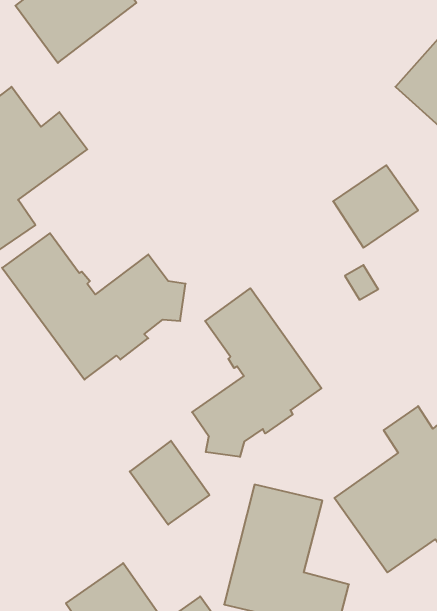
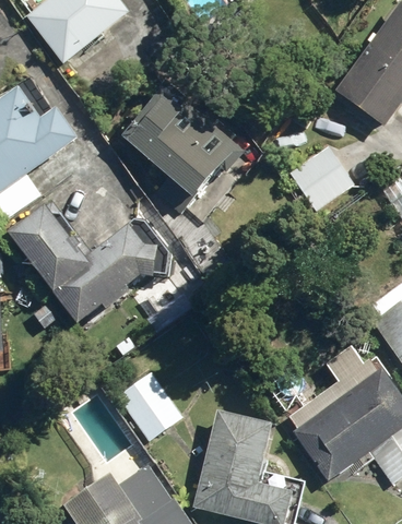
building: none -> [125,85,247,214]
building: [192,288,321,457] -> none

